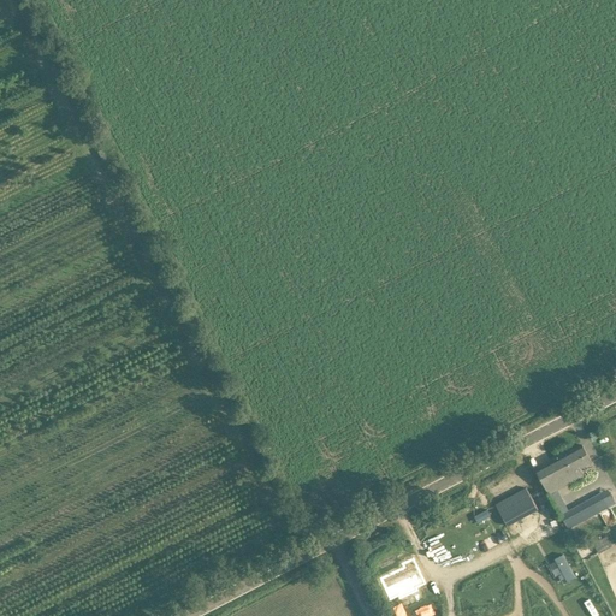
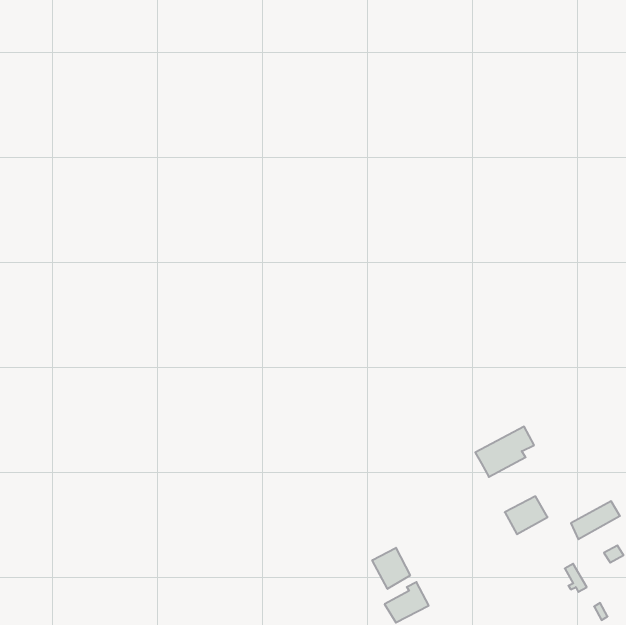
building: [535,444,593,493] -> [475,427,534,477]
building: none -> [372,548,410,589]

